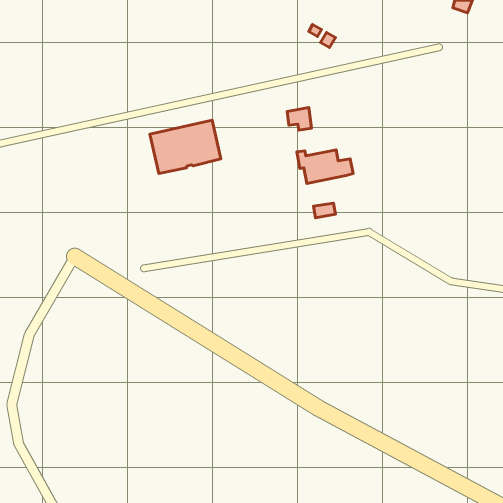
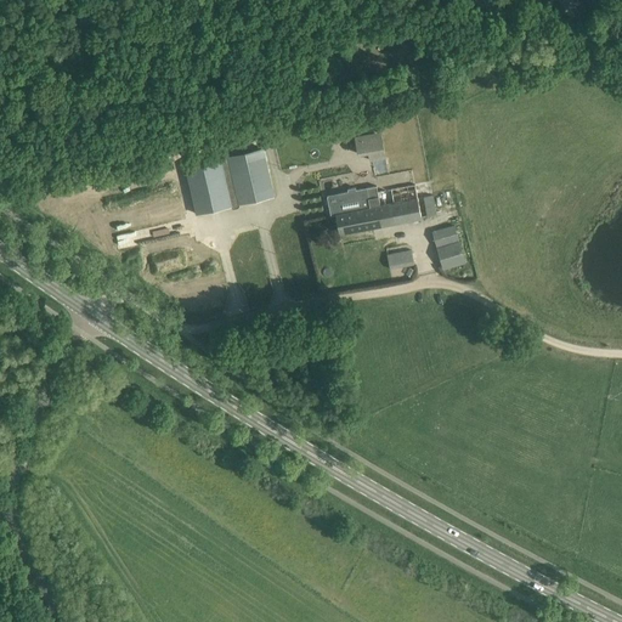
building: none -> [328,188,378,234]
building: none -> [431,226,464,270]

